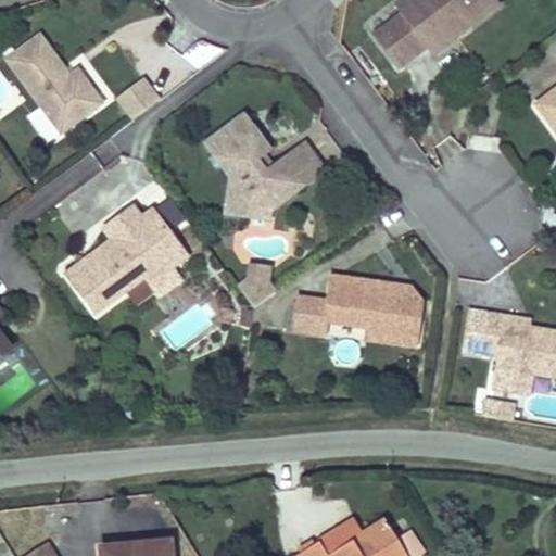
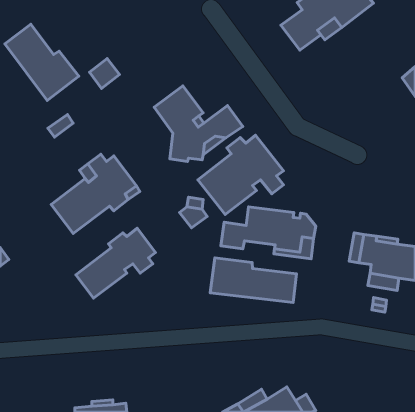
building: none -> [198,135,283,214]
building: none -> [76,228,156,298]
building: none -> [210,258,296,303]

